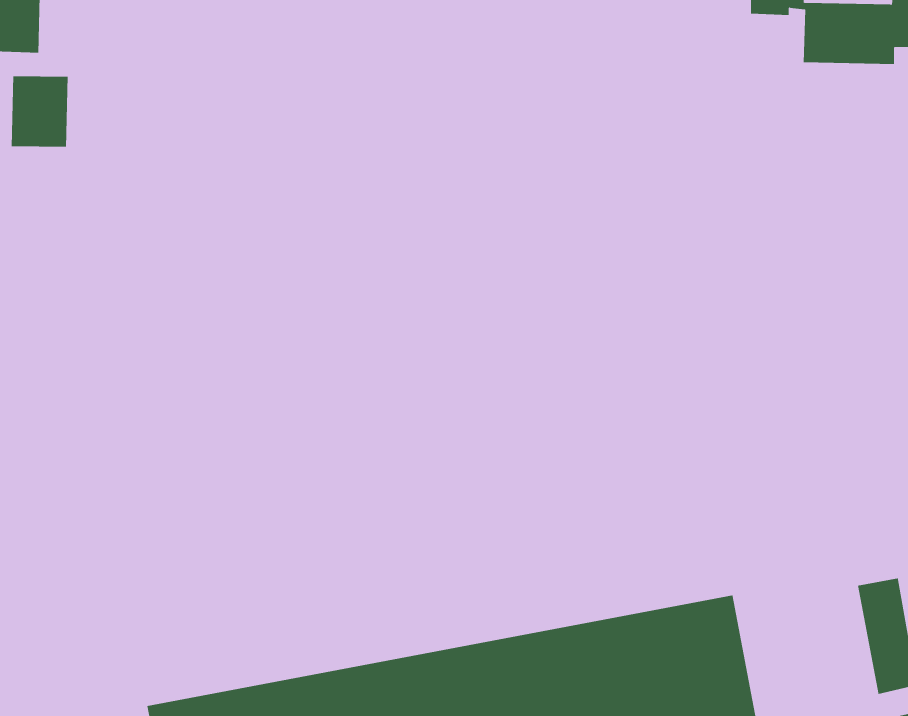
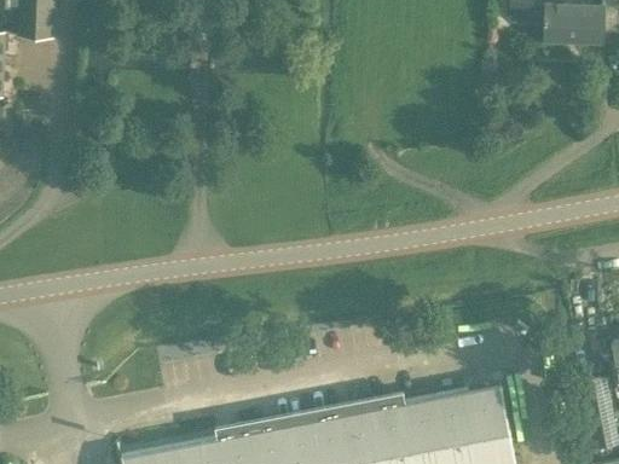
building: [11,76,68,147] -> none

